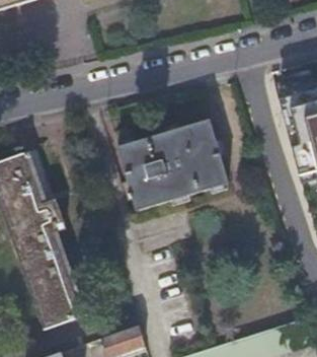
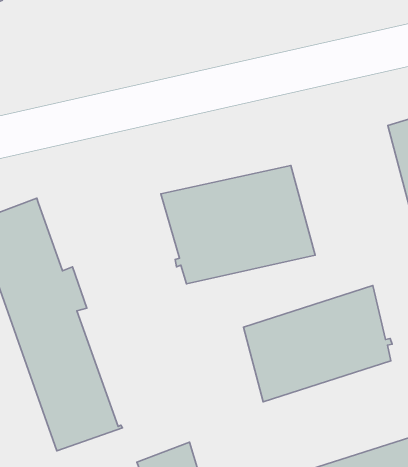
building: none -> [244,285,392,402]

